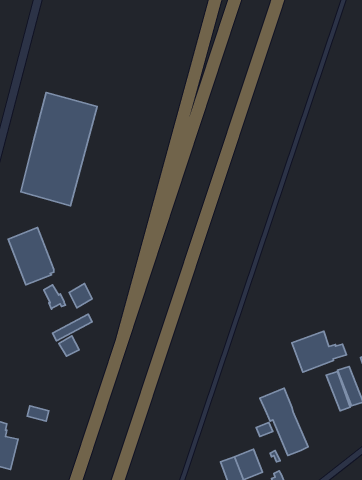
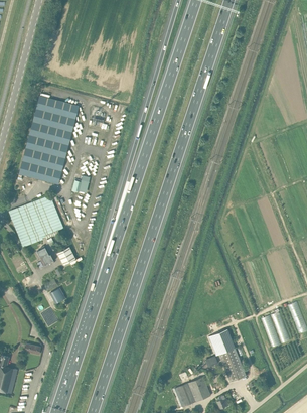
building: none -> [32,194,64,239]
building: [292,331,347,372] -> none

